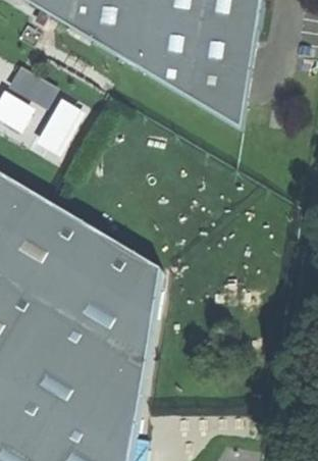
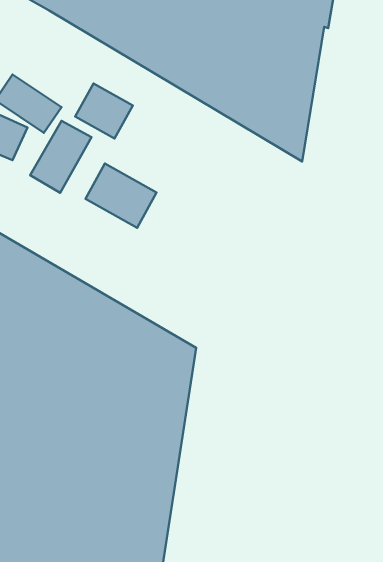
building: none -> [75,83,133,139]
building: none -> [85,164,156,228]

